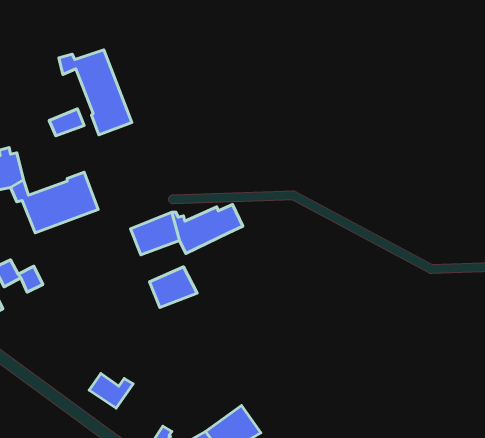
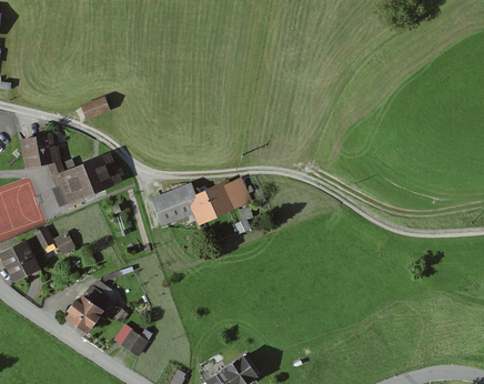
building: [59,50,132,135] -> none
building: [149,267,197,308] -> none
building: none -> [65,277,118,334]

